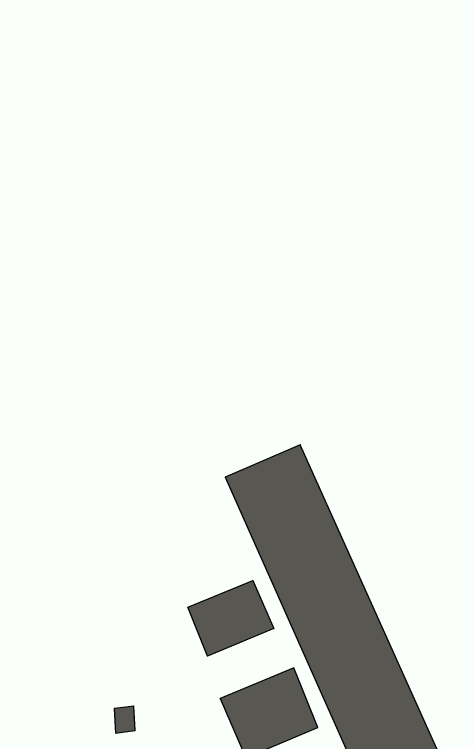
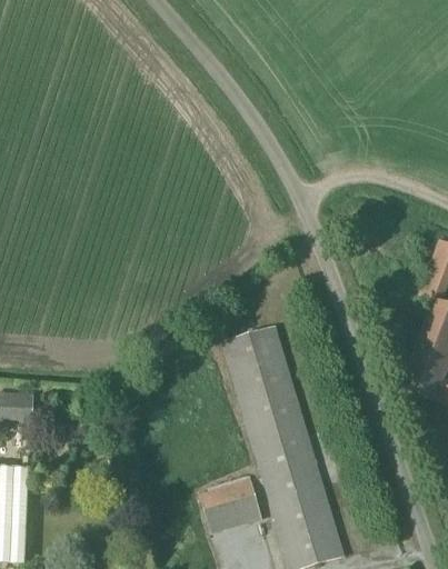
building: [188,581,274,656] -> none

